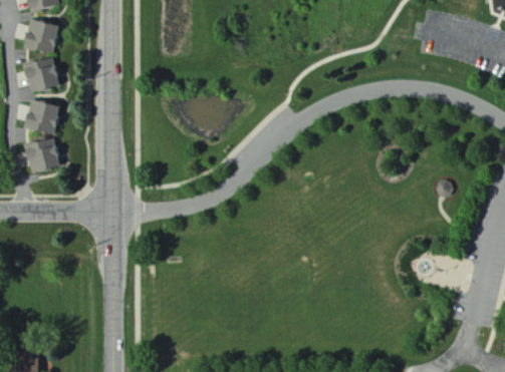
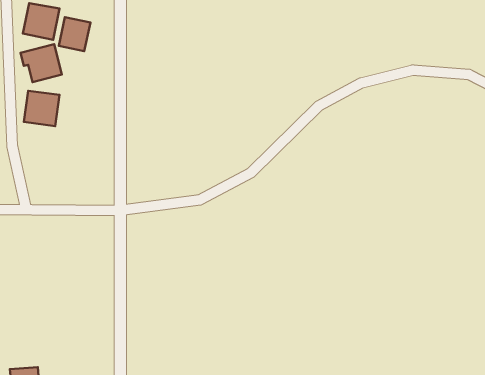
building: none -> [59,17,90,51]
building: [20,137,60,173] -> none

